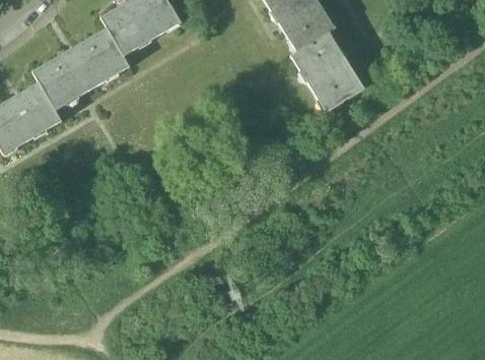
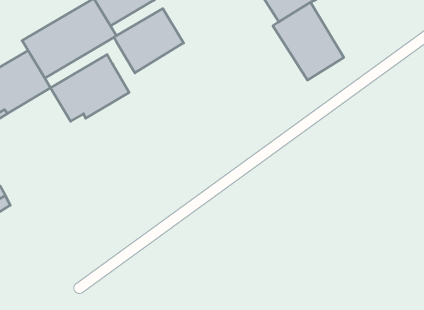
building: none -> [114,9,184,73]
building: none -> [51,55,129,121]

